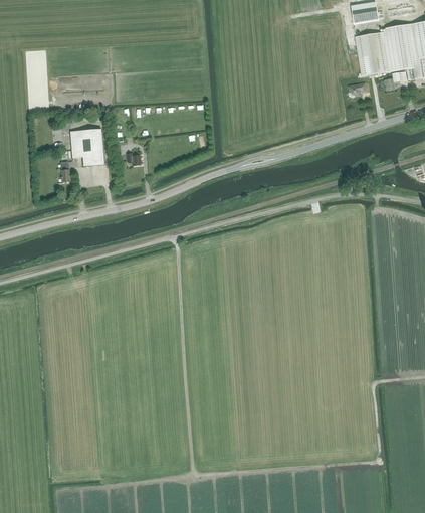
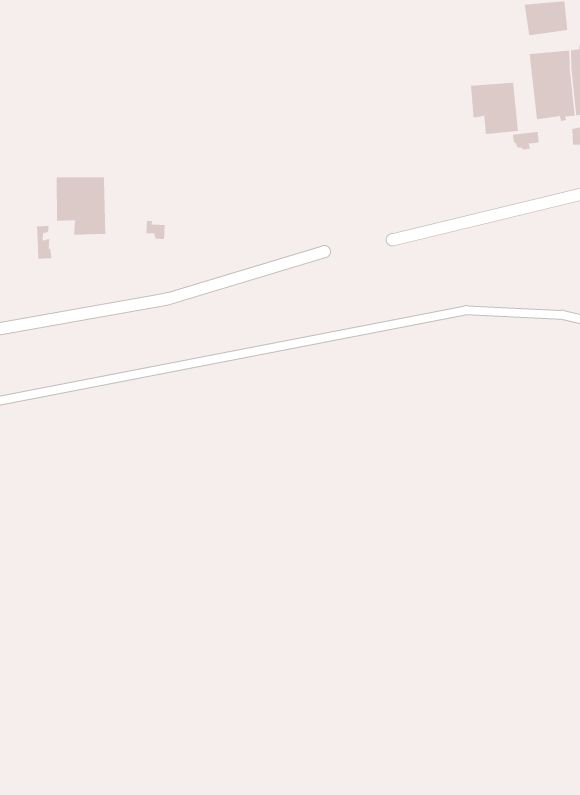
building: none -> [471,82,519,135]

